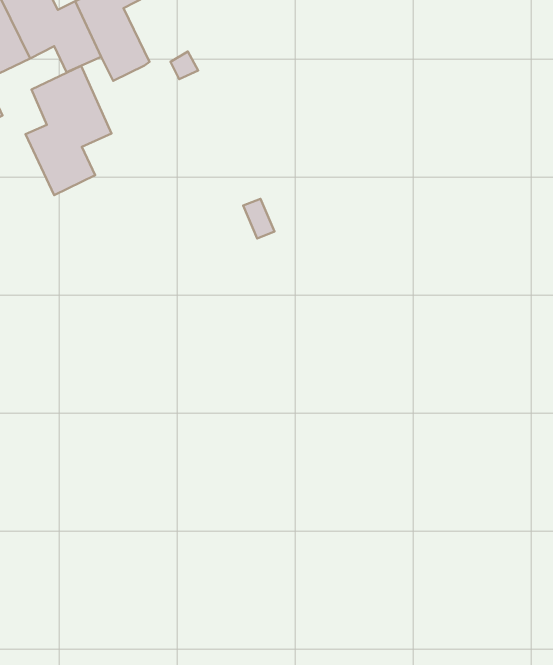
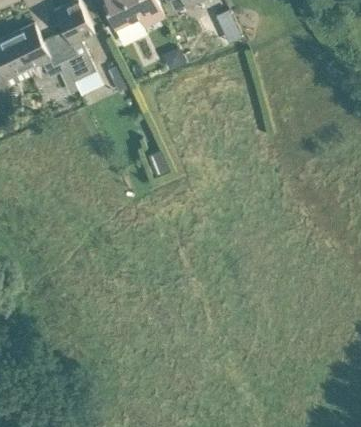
building: [25,66,112,195] -> none

